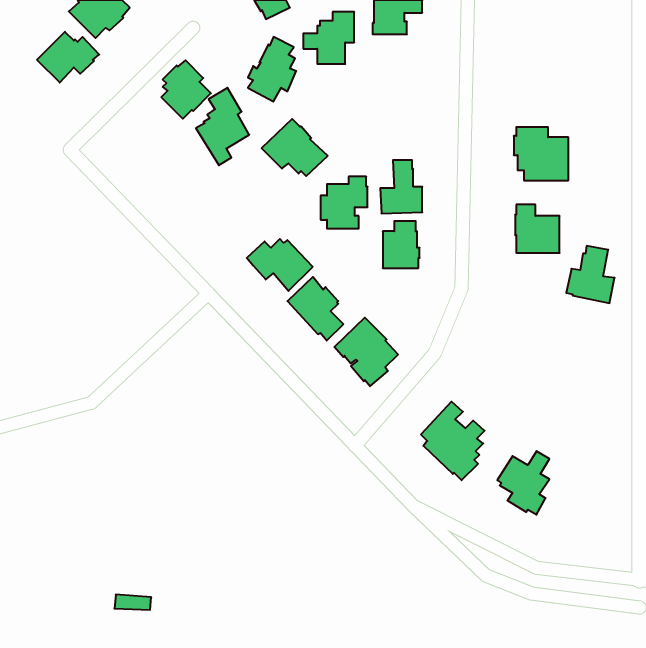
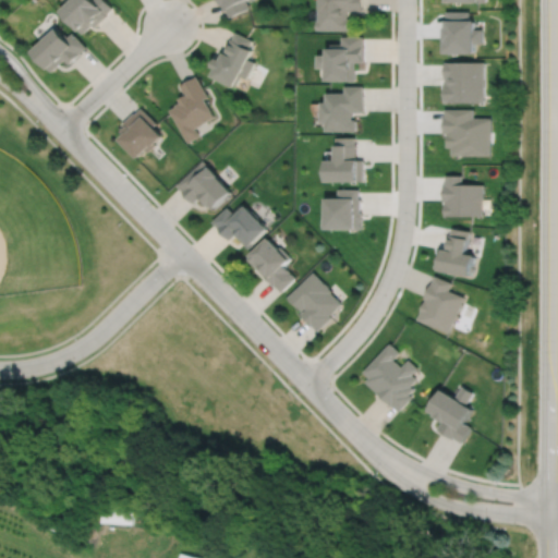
building: [303,12,354,64] -> [318,37,362,82]
building: none -> [444,12,480,54]
building: [161,60,211,119] -> [120,109,162,159]
building: none -> [441,63,481,104]
building: [262,119,328,176] -> [175,161,232,210]
building: [321,177,368,229] -> [322,87,362,132]
building: [566,246,615,303] -> [432,230,473,279]
building: none -> [415,278,462,335]

